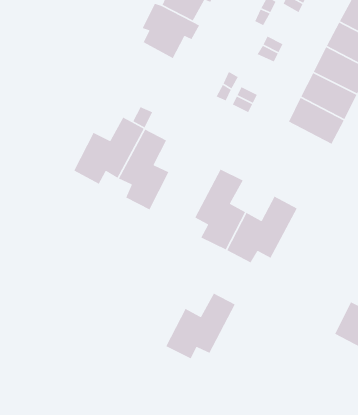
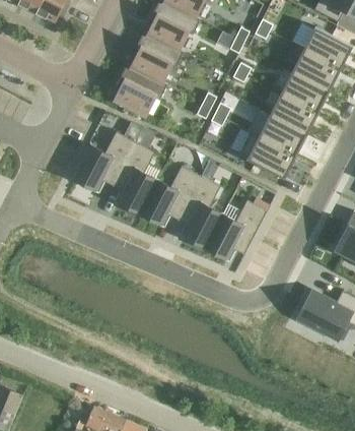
building: none -> [116,65,165,115]
building: none -> [237,130,296,178]
building: [165,293,236,360] -> [139,166,200,224]

